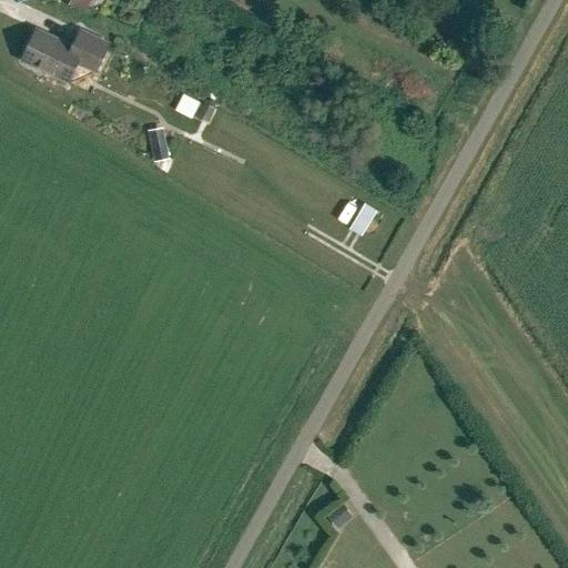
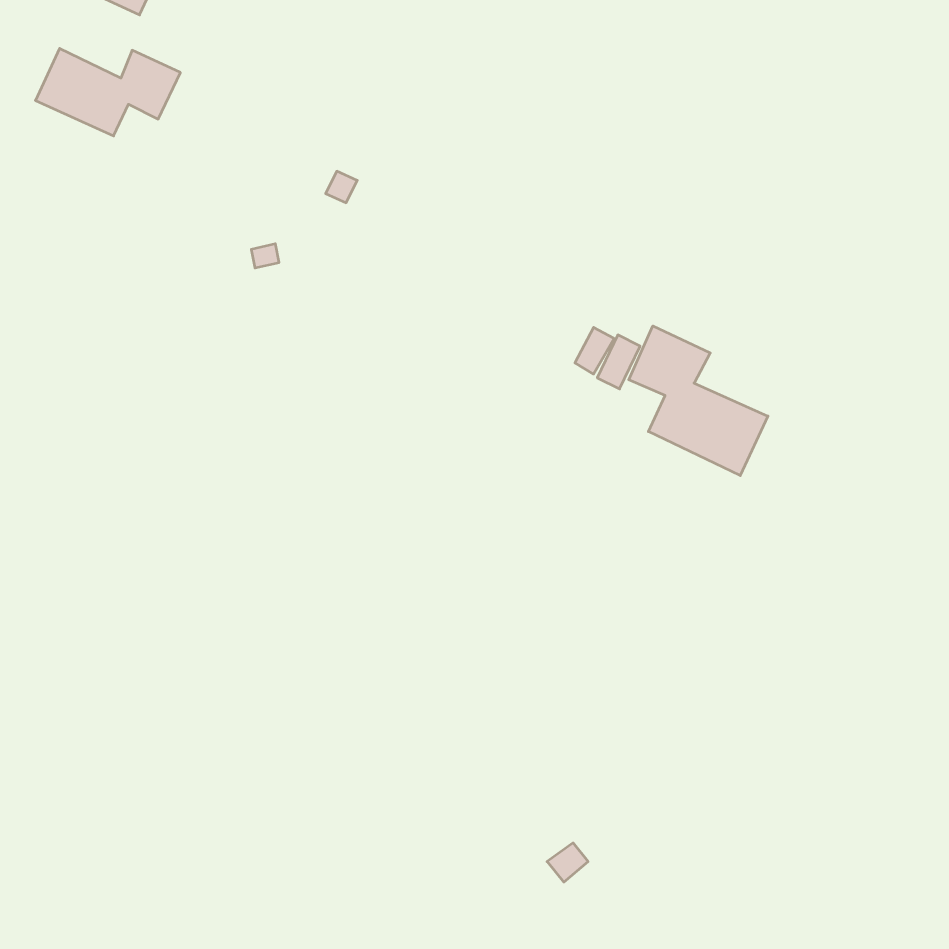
building: none -> [629,326,768,476]

